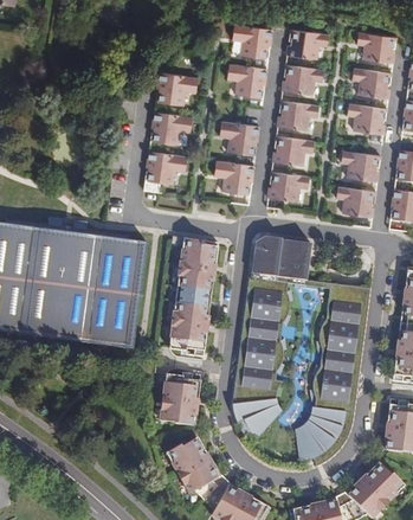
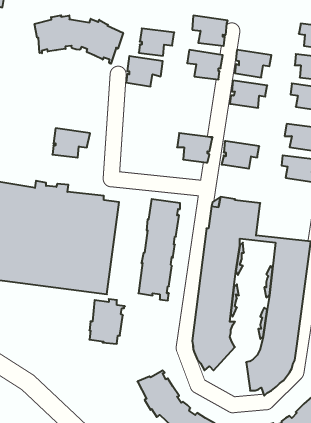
building: none -> [35,15,123,64]
building: [285,30,328,59] -> none
building: [150,113,192,145] -> [139,28,174,56]
building: [219,121,260,156] -> none
building: [271,135,315,167] -> none
building: [144,150,188,185] -> [52,128,90,158]
building: [160,372,201,424] -> [89,299,125,344]

